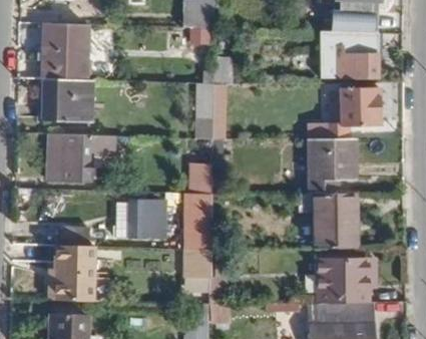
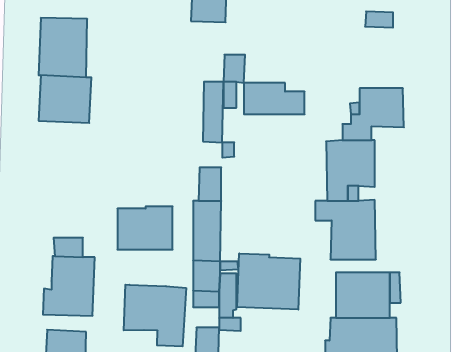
building: [321,47,377,76] -> [244,83,305,114]
building: [48,133,115,180] -> none
building: none -> [237,253,300,310]
building: none -> [124,285,186,346]

